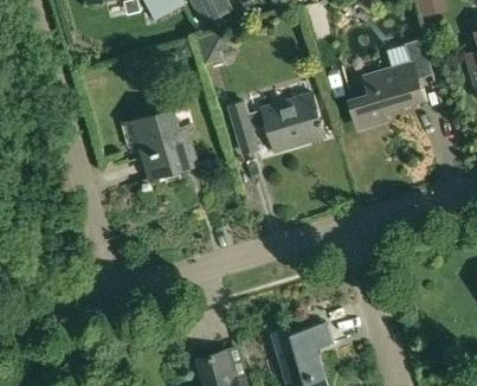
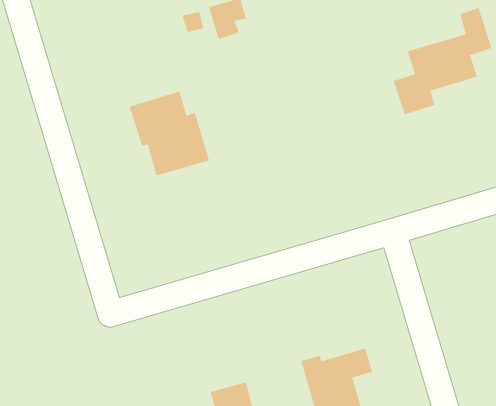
building: [230,91,325,153] -> none

